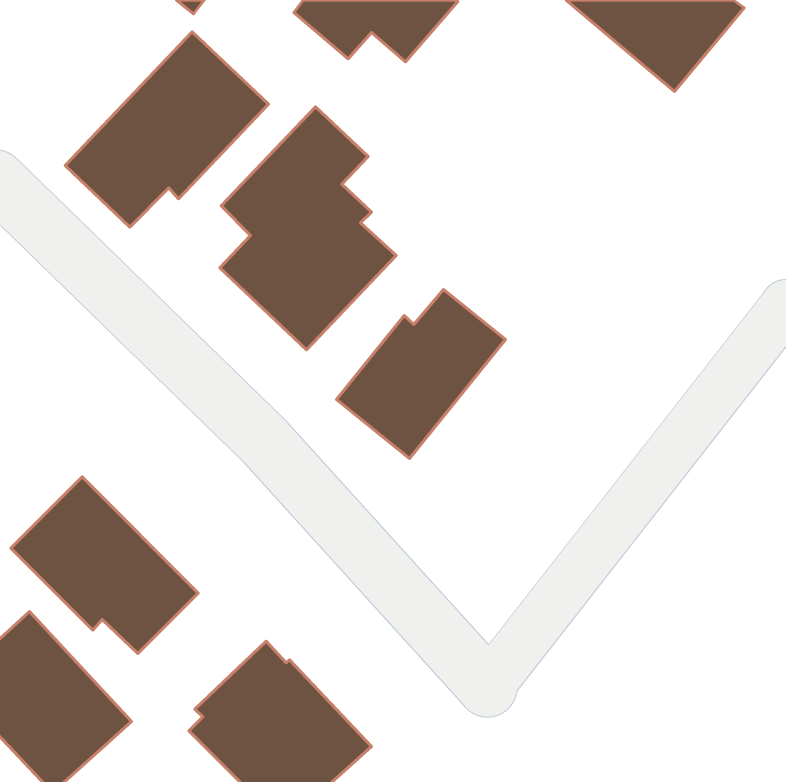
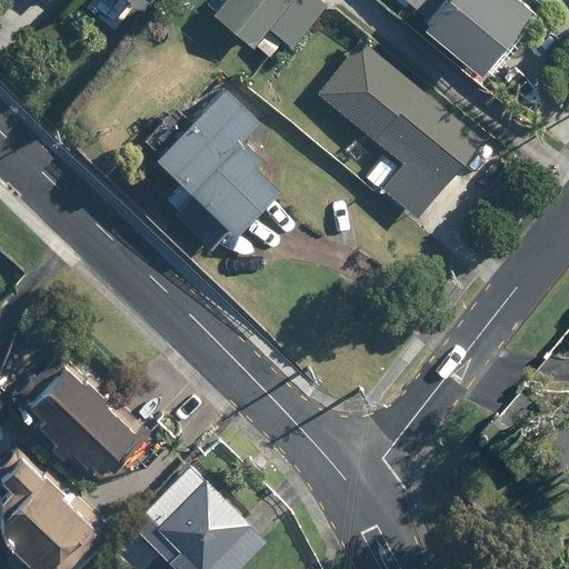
building: [65,32,269,227] -> none
building: none -> [318,46,481,222]
building: [336,289,506,459] -> none

